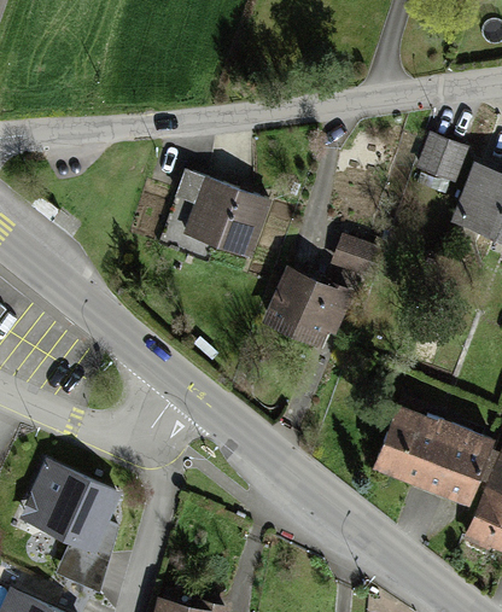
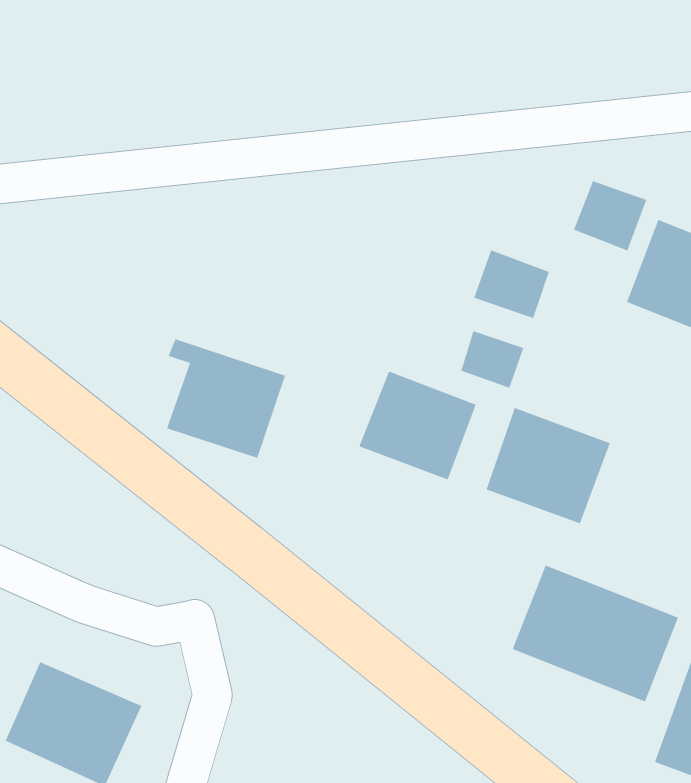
building: [185,174,267,256] -> [166,339,286,458]
building: none -> [474,250,550,319]
building: none -> [486,407,610,524]

